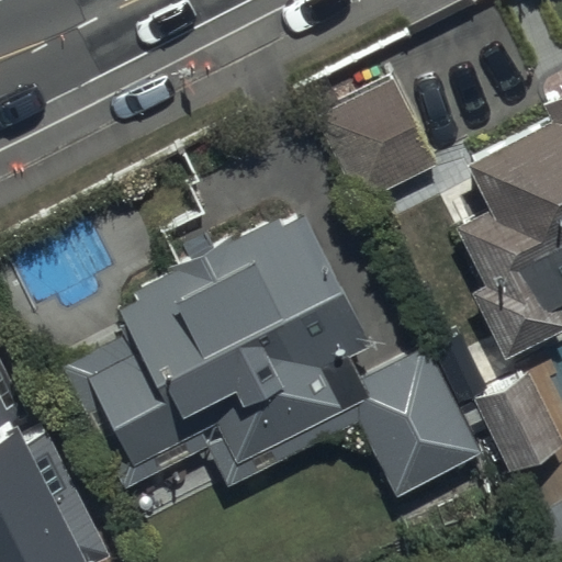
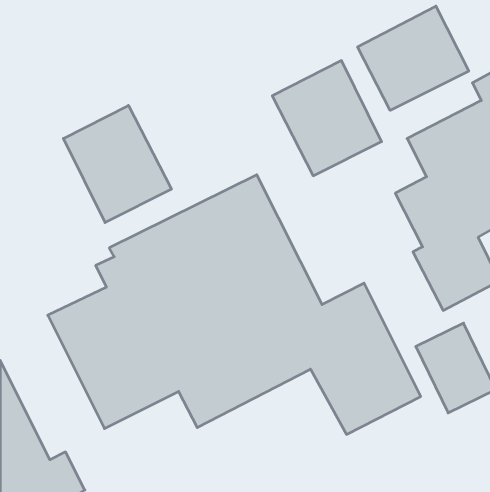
building: none -> [358,6,469,110]
building: none -> [63,105,171,223]

